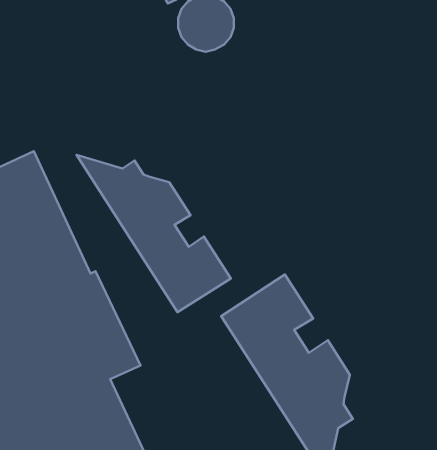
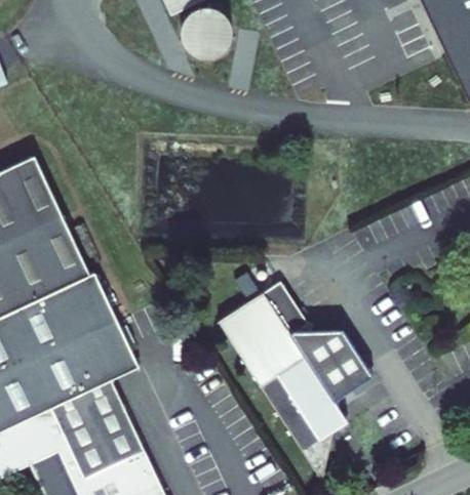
building: [76,155,231,312] -> none
building: none -> [290,329,375,399]

